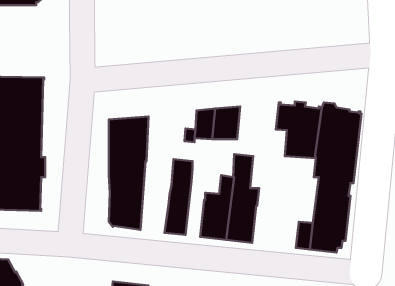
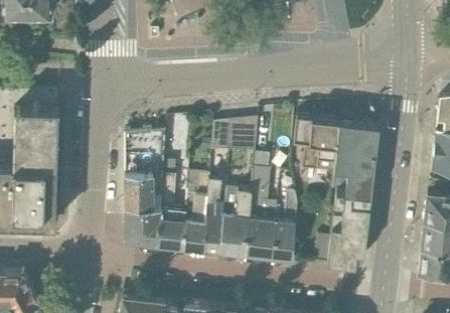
building: none -> [157,175,190,250]
building: none -> [202,181,224,254]
building: none -> [270,194,297,262]

